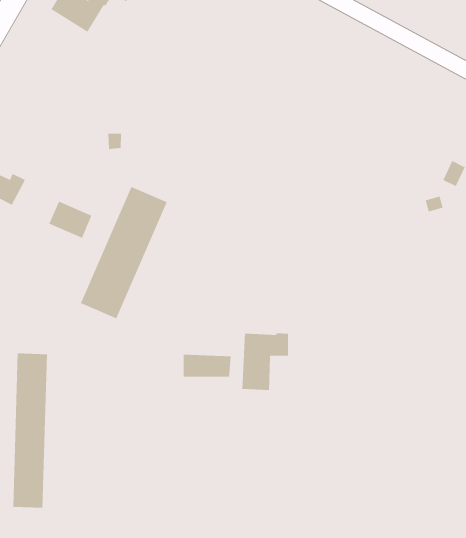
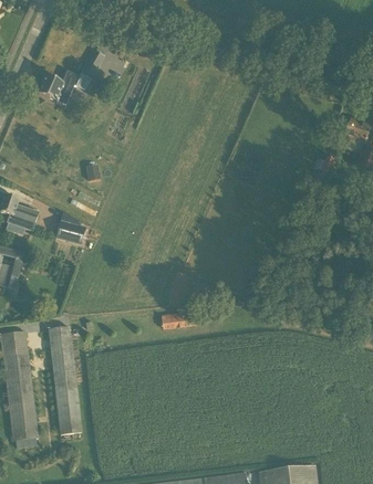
building: [80,186,167,319] -> none
building: [242,332,288,391] -> none

